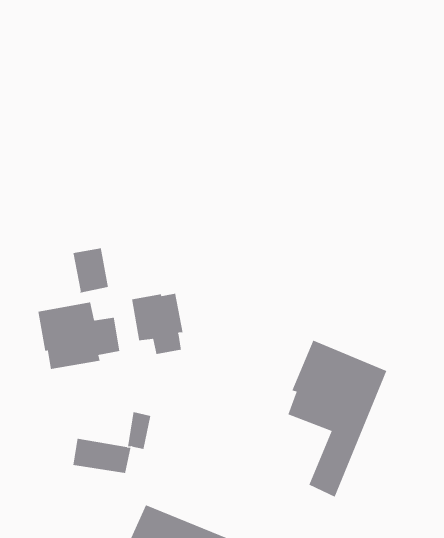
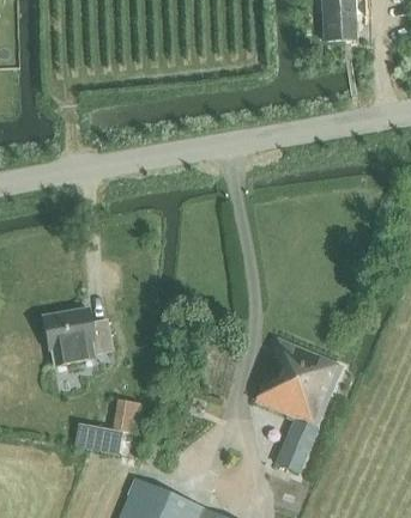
building: [73,247,108,294] -> none
building: [131,293,183,355] -> none

